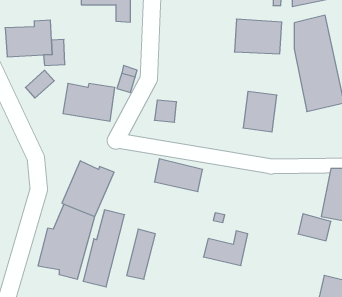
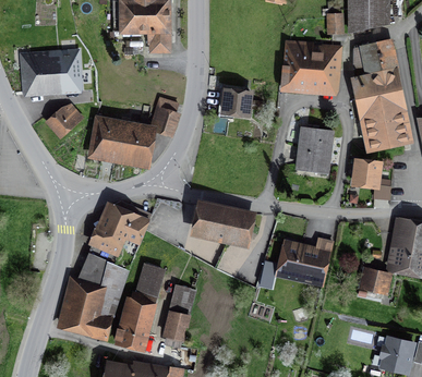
building: [154,100,177,122] -> [221,88,246,113]
building: none -> [353,159,390,200]
building: [203,231,248,266] -> [279,239,329,278]

